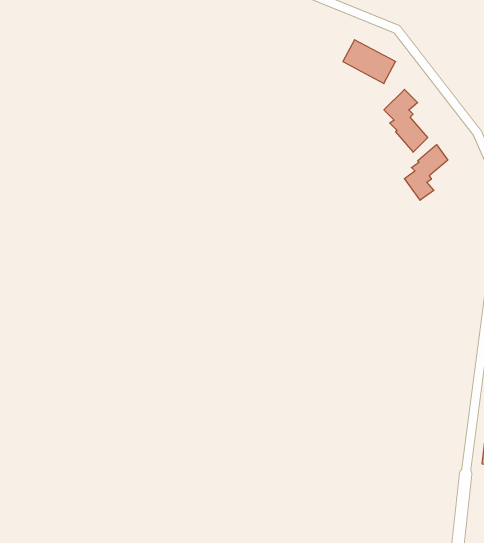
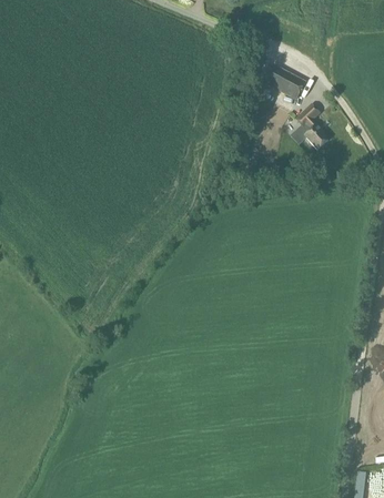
building: [404,145,448,200] -> none

